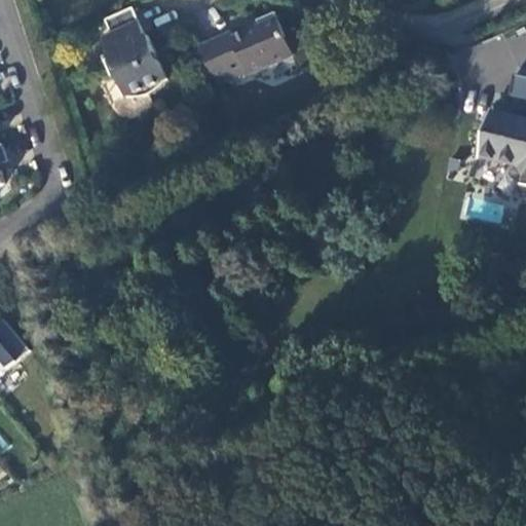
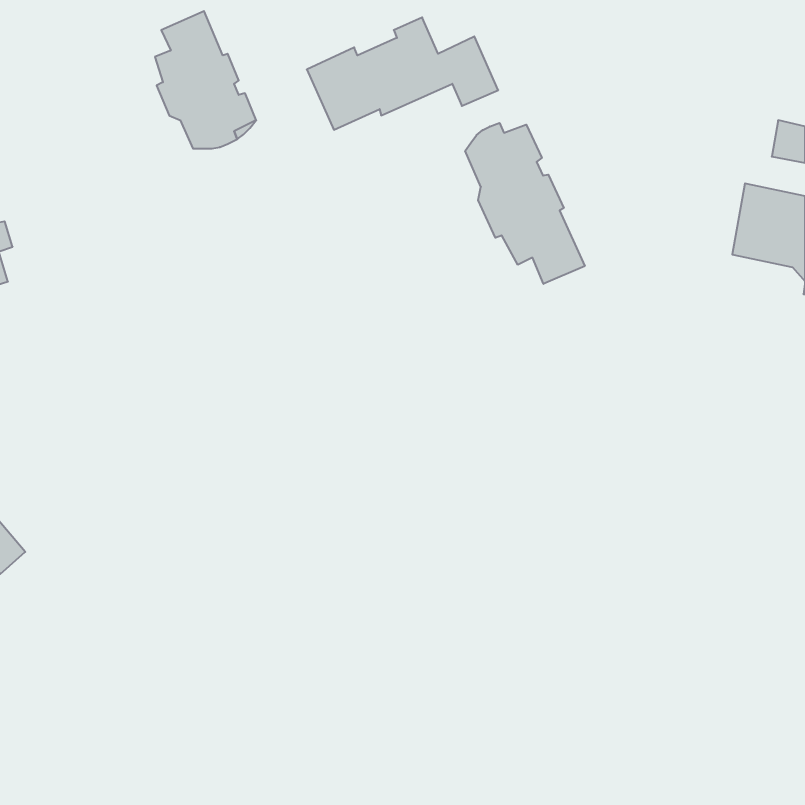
building: none -> [465,123,585,284]

